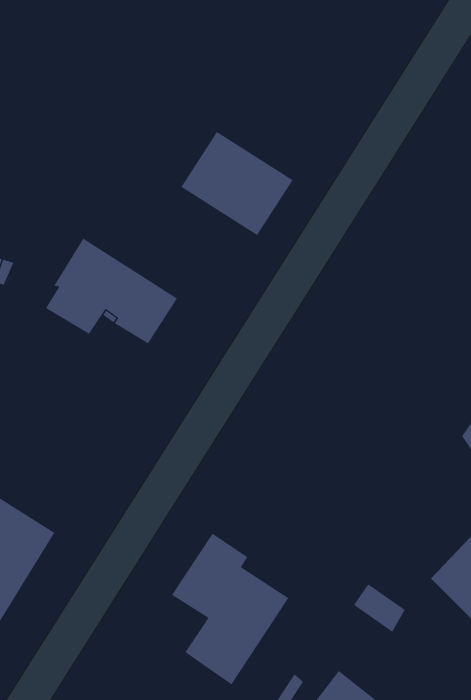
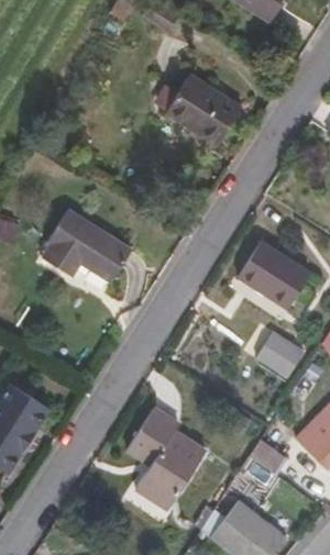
building: [181,131,294,236] -> [166,75,242,145]
building: none -> [239,243,309,309]
building: none -> [256,331,306,377]

